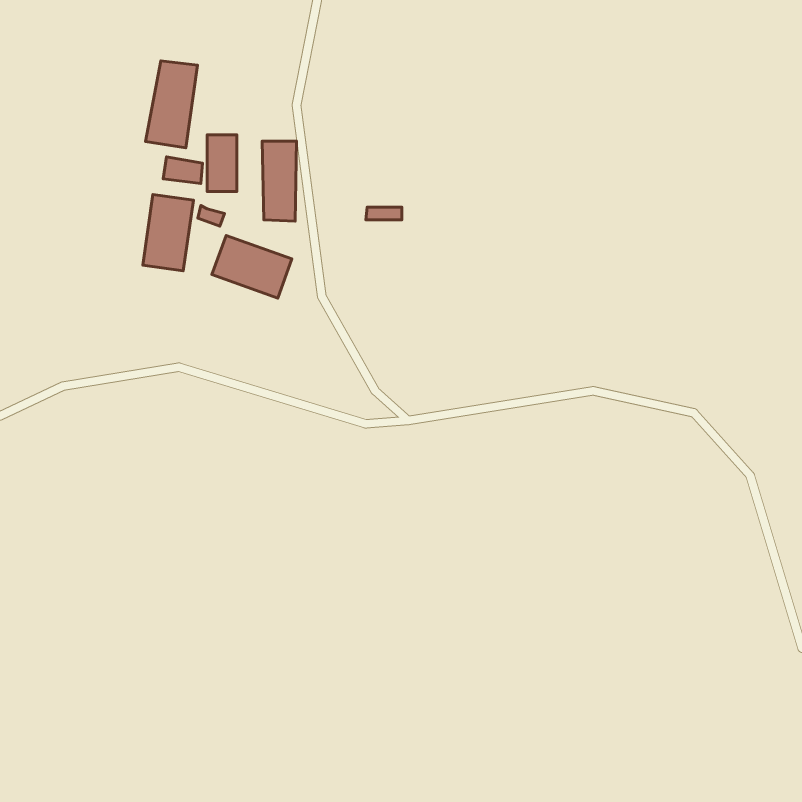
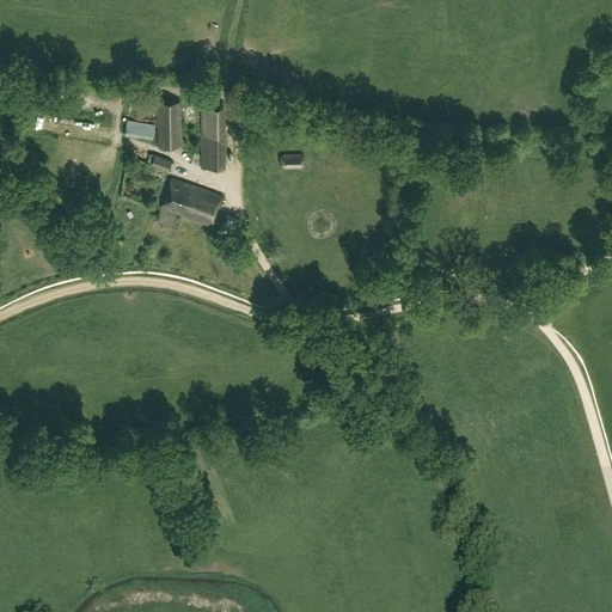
building: [145,61,198,148] -> none
building: [143,194,193,271] -> none

